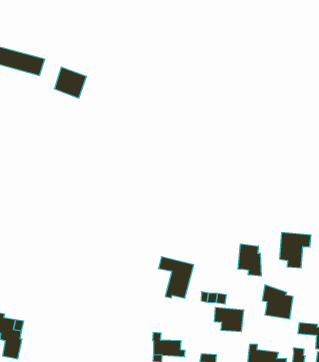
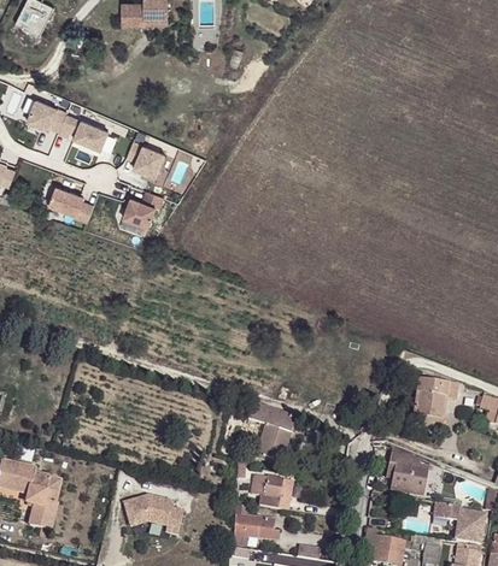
building: none -> [124,190,164,226]
building: none -> [49,187,94,222]
building: [238,244,261,276] -> none
building: [214,307,244,332] -> [252,474,293,509]
building: none -> [124,495,183,535]

